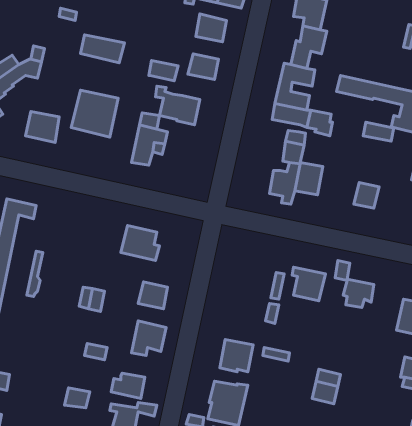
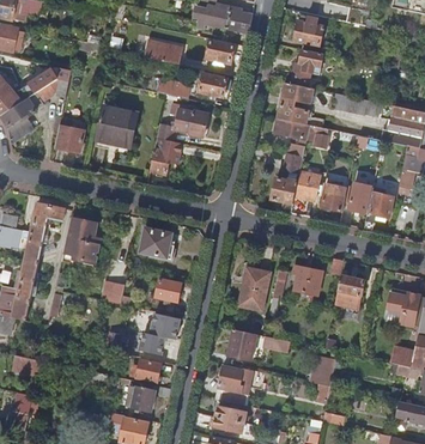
building: [80,35,125,63] -> [144,39,183,65]
building: none -> [321,183,347,211]
building: none -> [364,187,394,230]
building: none -> [68,218,96,254]
building: none -> [238,268,269,310]

